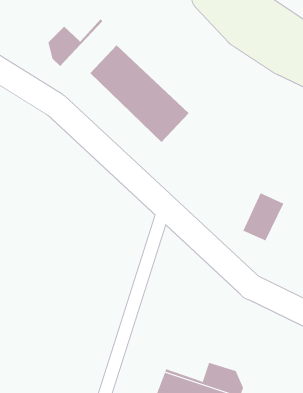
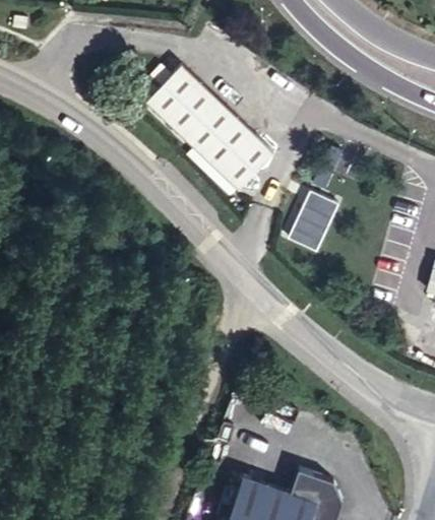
building: [48,19,103,67] -> none
building: [242,192,284,241] -> [287,190,339,252]

